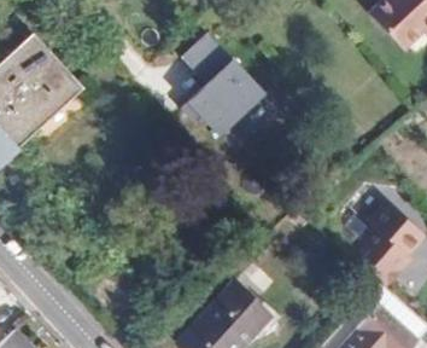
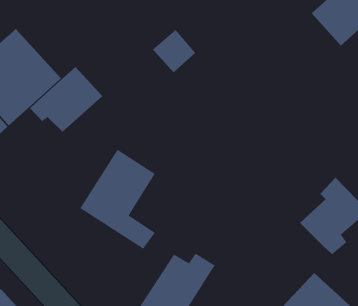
building: [185,60,268,135] -> [29,66,103,133]
building: none -> [80,149,156,249]

